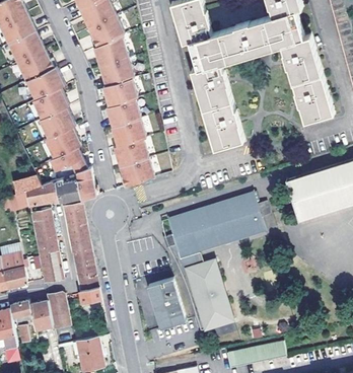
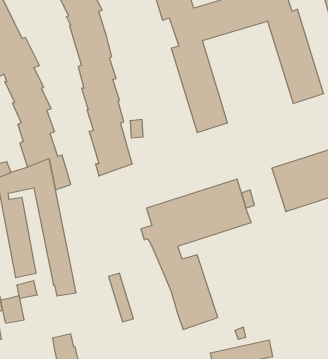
building: [147,279,185,328] -> none
building: [48,300,69,328] -> none

